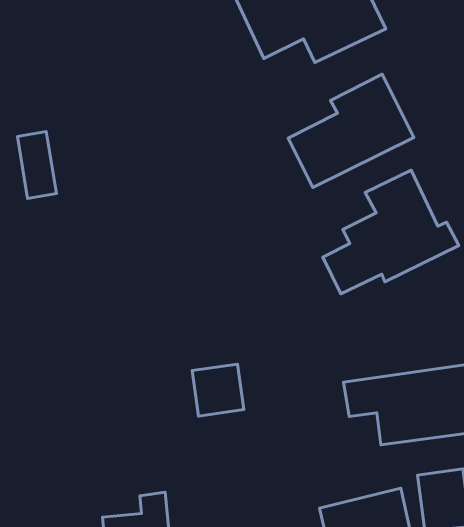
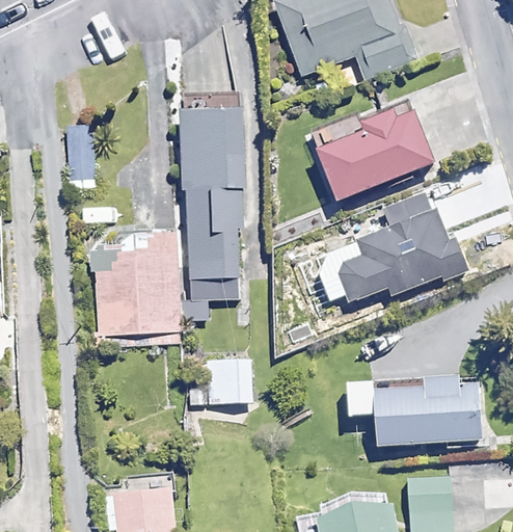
building: none -> [182,108,245,318]
building: none -> [95,233,182,345]

